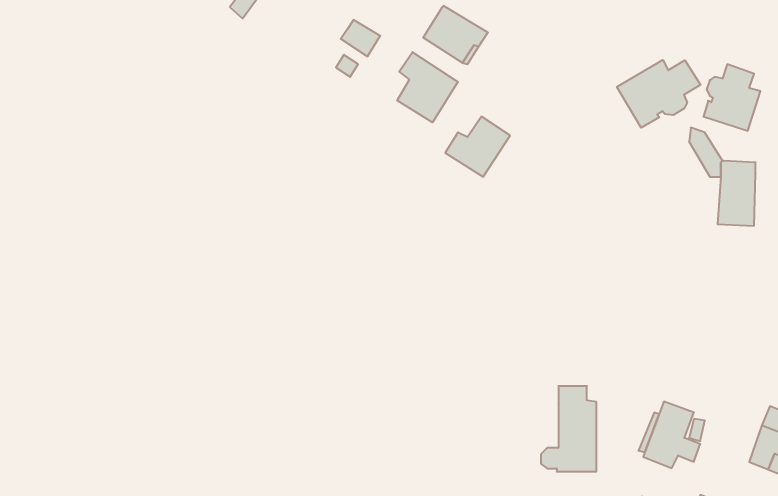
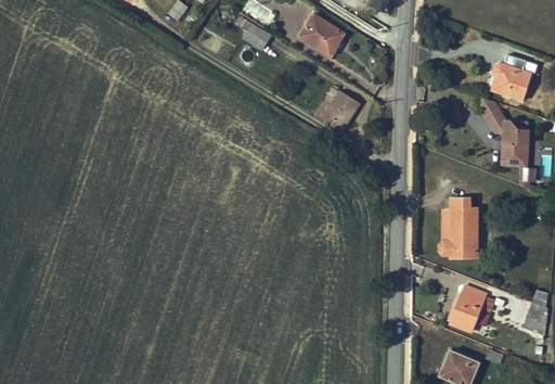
building: [397,52,458,122] -> none
building: [617,60,700,128] -> none
building: [541,386,596,472] -> [439,197,477,256]

